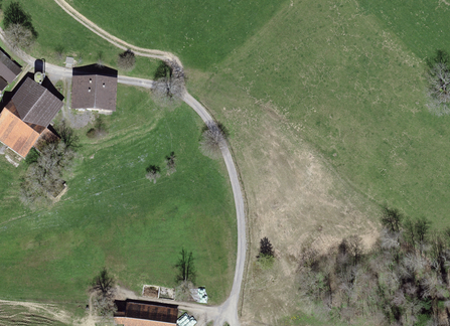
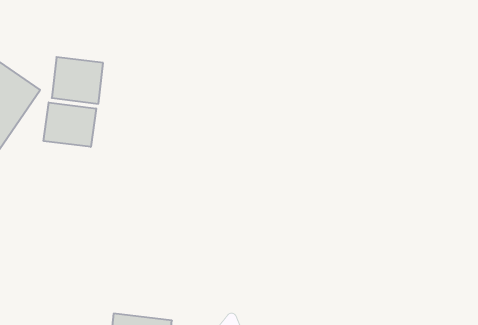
building: none -> [44,102,96,147]

